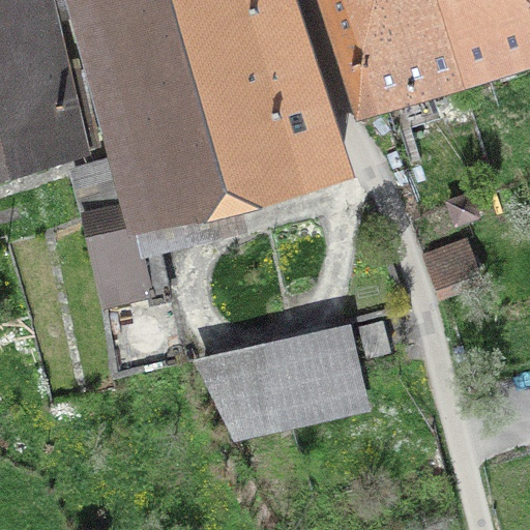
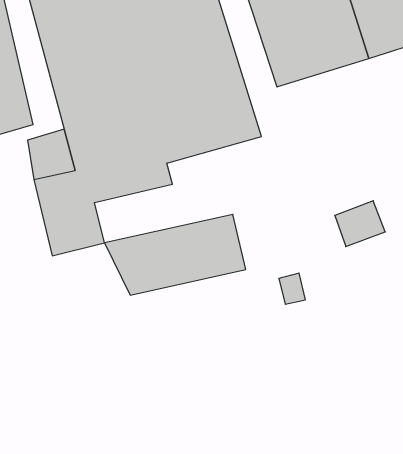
building: [203,342,362,433] -> [105,214,246,295]

